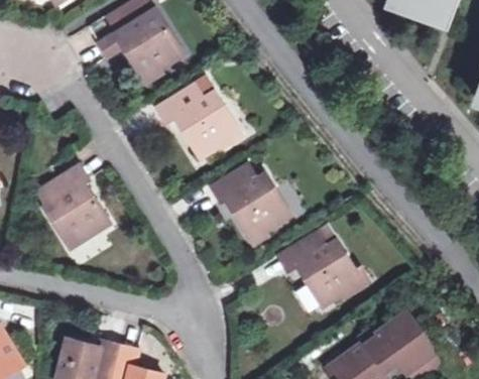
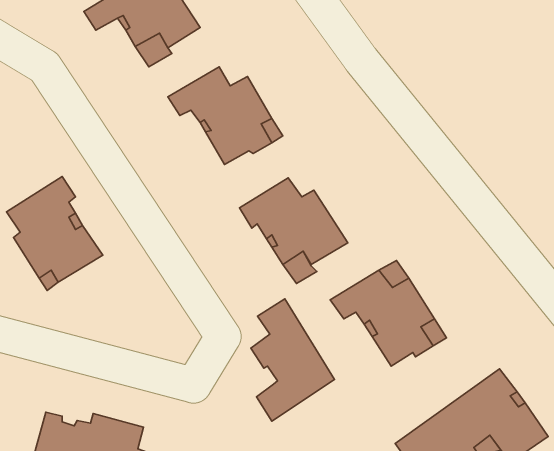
building: none -> [251,299,335,421]

